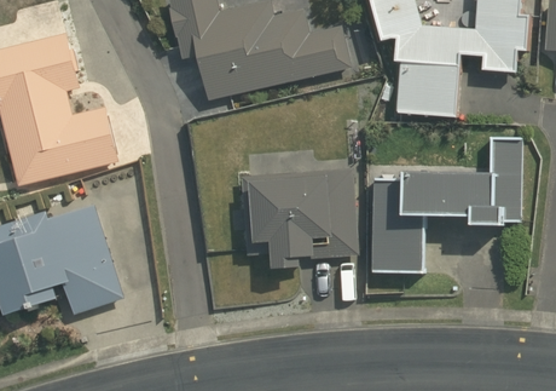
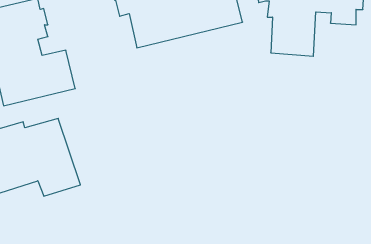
building: [371,136,523,271] -> none
building: [242,169,359,268] -> none

